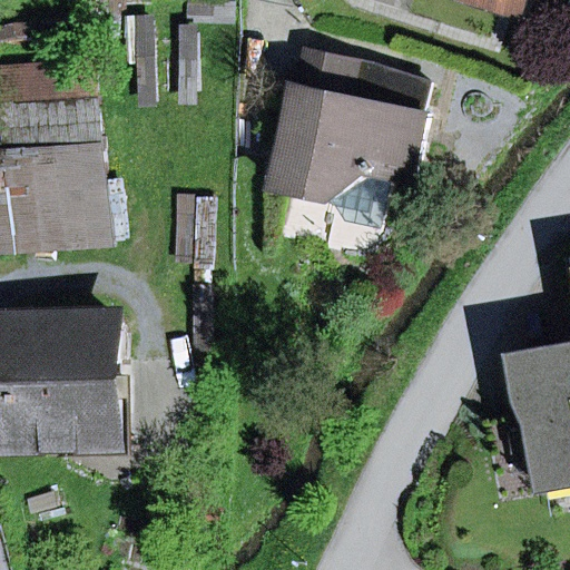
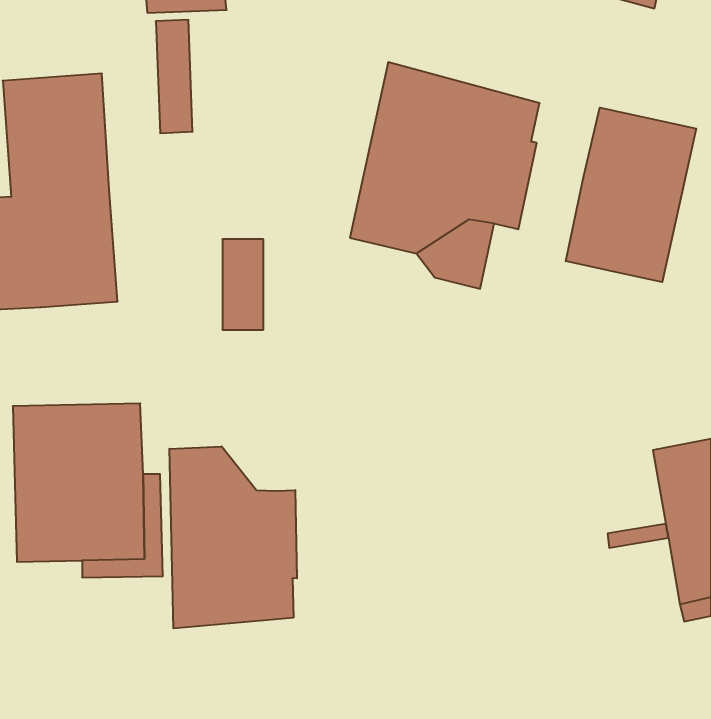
building: none -> [566,108,696,282]
building: none -> [169,446,297,628]

